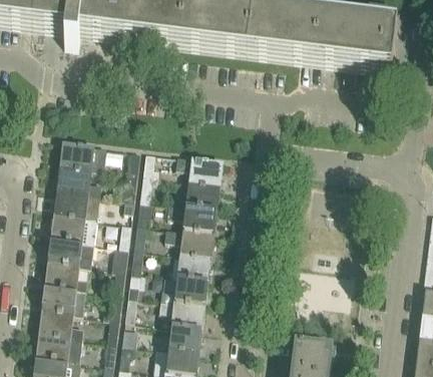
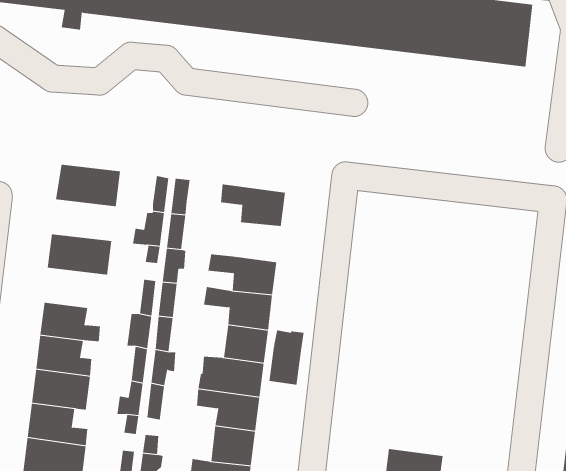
building: [57,159,103,188] -> none
building: [187,175,220,204] -> none
building: [52,208,97,237] -> none
building: none -> [269,329,304,386]

